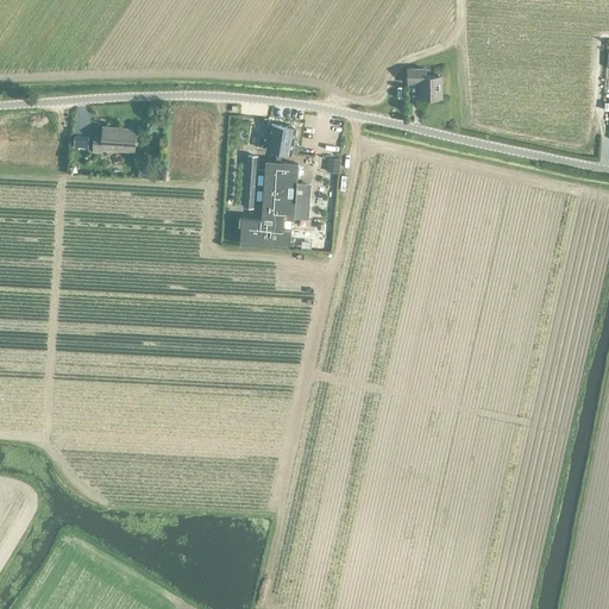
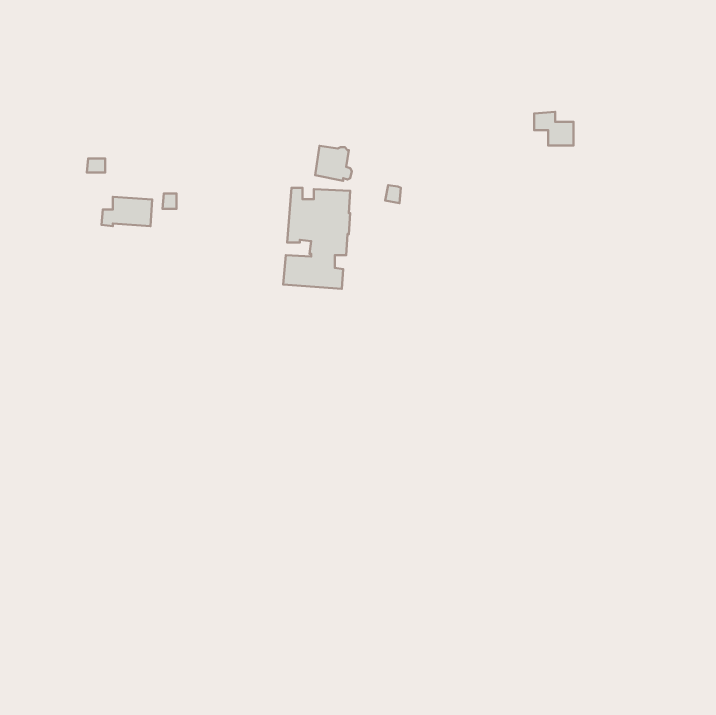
building: [408,69,441,98] -> [534,112,573,146]
building: [93,127,136,152] -> [102,197,152,226]

